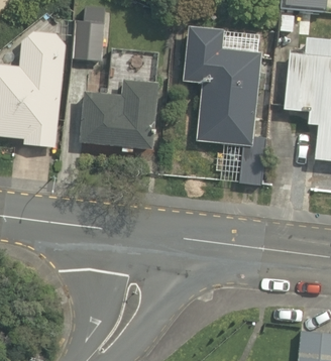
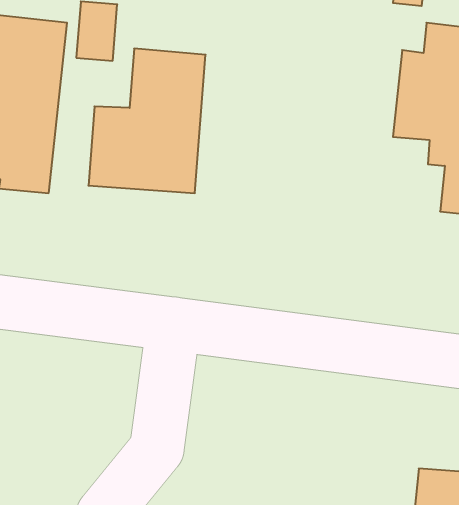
building: [181,24,260,144] -> none

